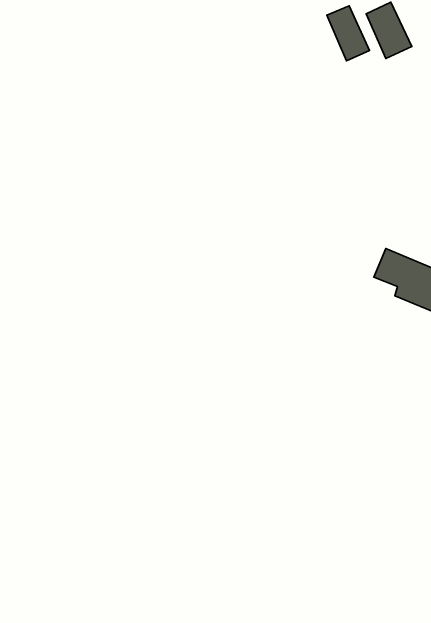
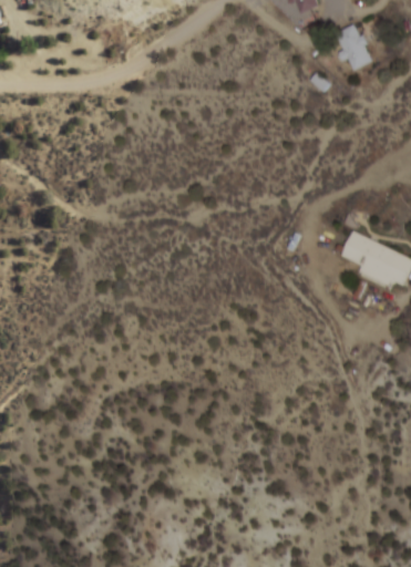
building: [327,6,370,61] -> none

